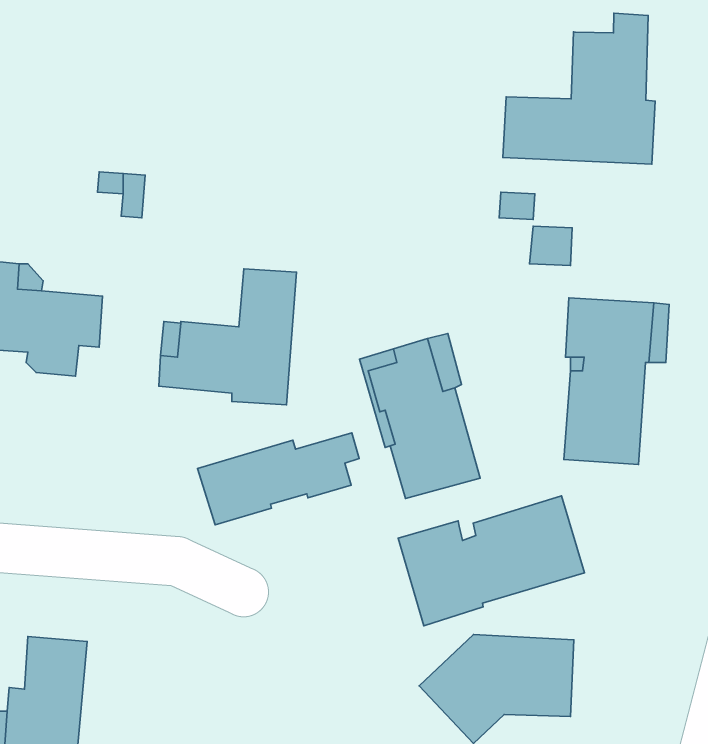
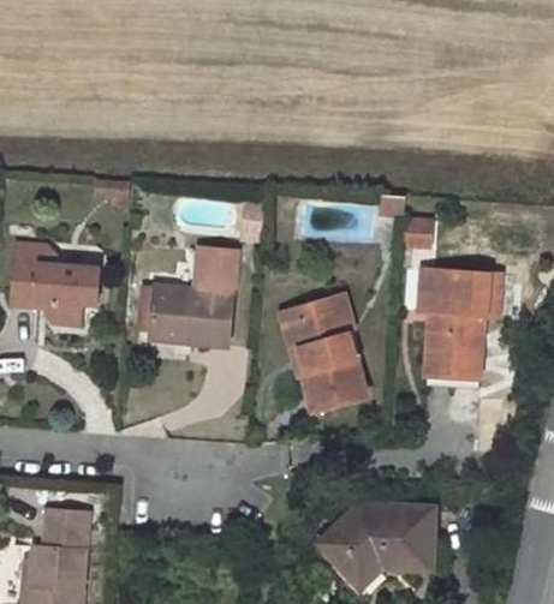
building: [503,13,655,164] -> none
building: [197,433,359,525] -> none
building: [398,496,585,626] -> none

